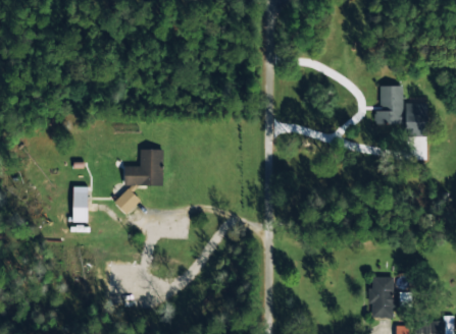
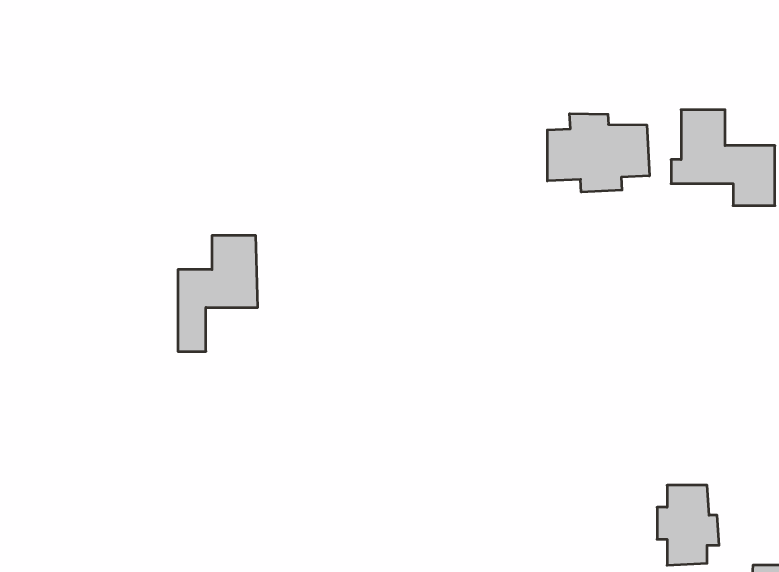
building: none -> [547,114,649,192]
building: [72,186,88,222] -> none

